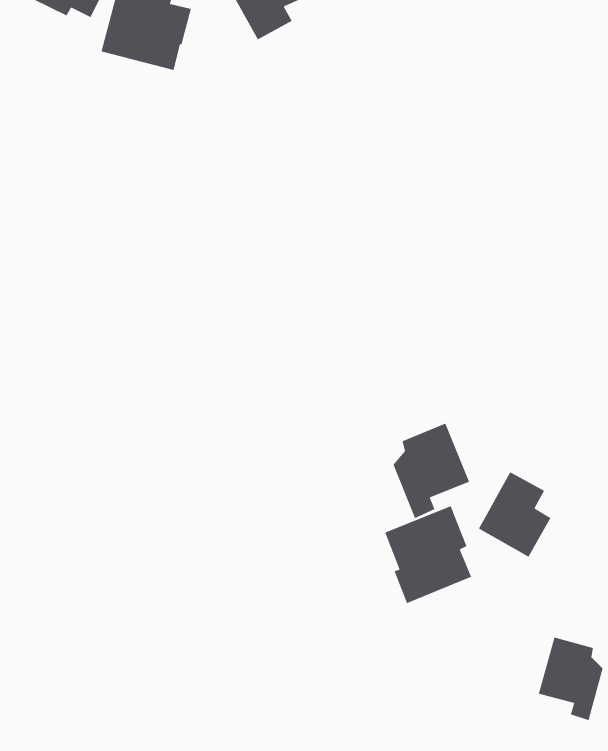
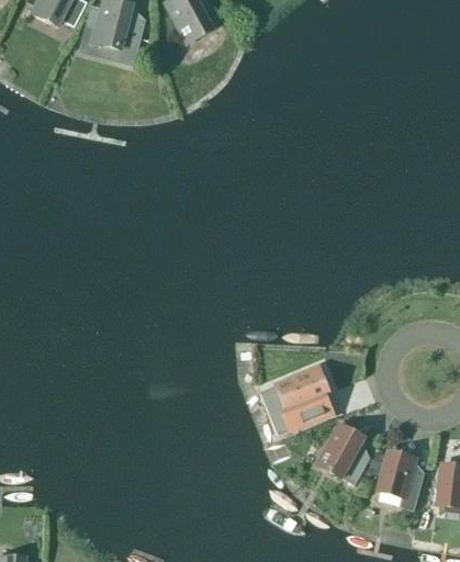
building: [393,423,470,519] -> none
building: [478,471,551,558] -> [318,425,369,484]

